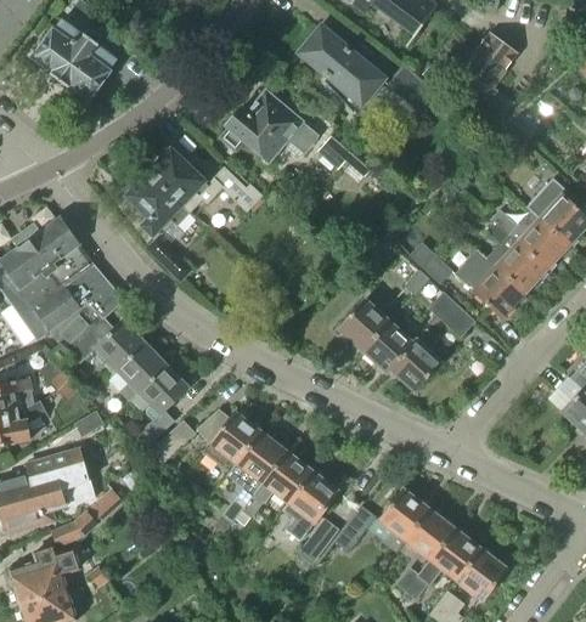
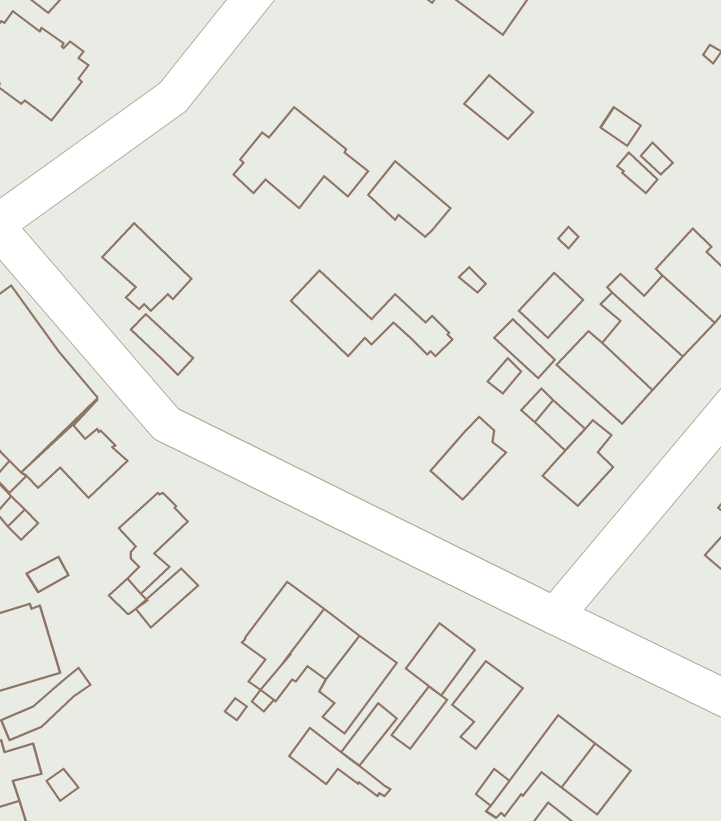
building: [300,28,381,112] -> none
building: [455,33,517,100] -> none
building: [148,151,265,213] -> [291,270,452,356]
building: none -> [519,273,583,338]
building: [337,300,388,351] -> none
building: [389,328,440,390] -> [542,420,613,506]
building: [107,344,165,401] -> none
building: [197,411,259,473] -> none
building: [405,508,455,560] -> [406,623,475,695]
building: none -> [289,728,390,796]

